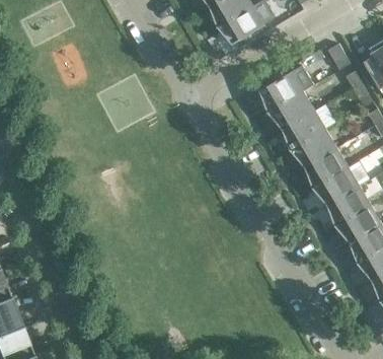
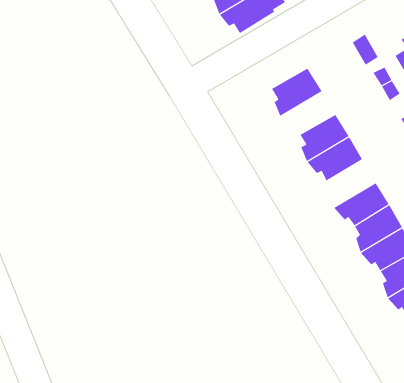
building: [267,91,314,128] -> none
building: [306,148,348,189] -> none

